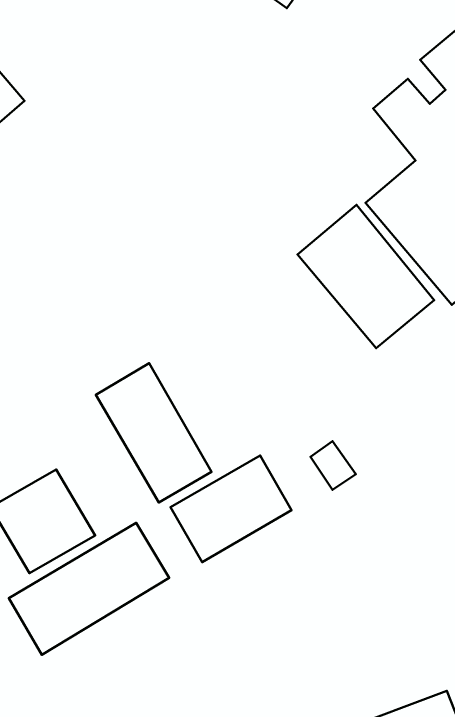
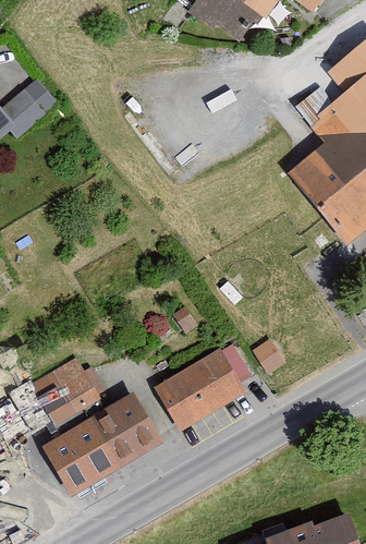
building: [297,205,434,348] -> none
building: [96,363,211,502] -> none

